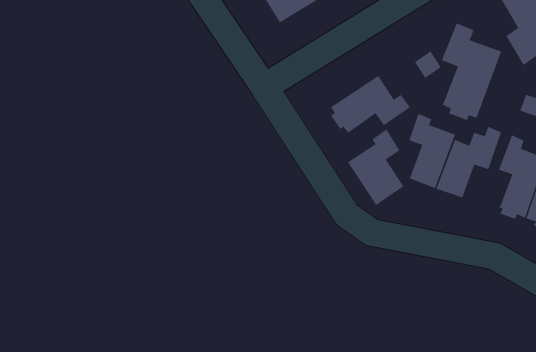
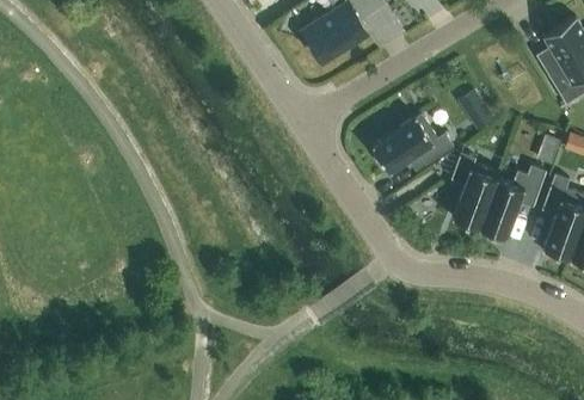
building: [441,22,502,121] -> none
building: [347,129,405,206] -> none

